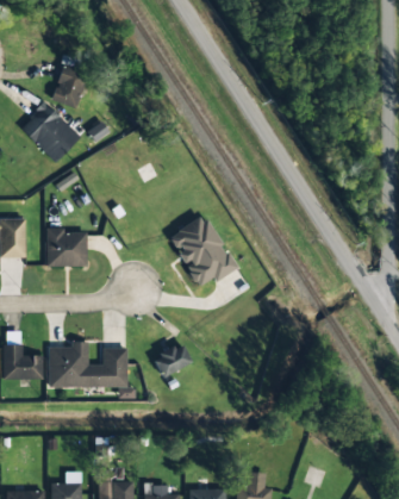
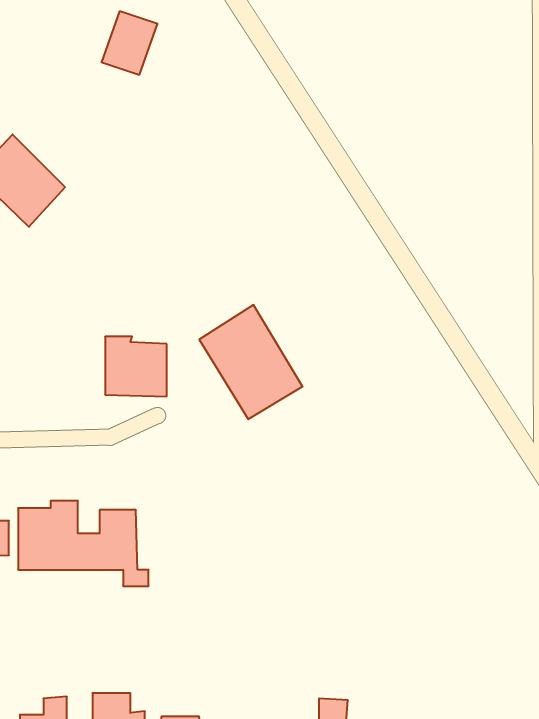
building: [51,67,88,108] -> [101,11,158,75]
building: [46,229,87,268] -> [105,337,167,396]
building: [154,344,192,376] -> none

